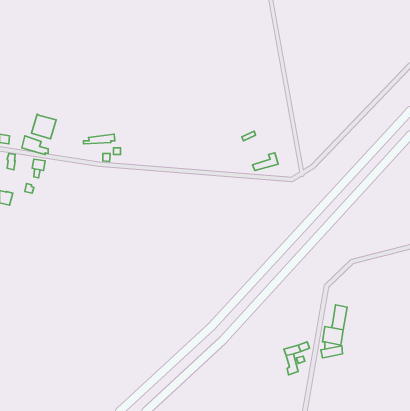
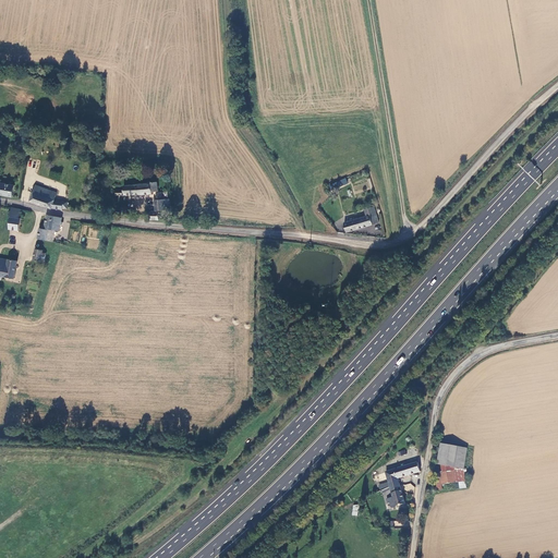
building: [31,114,56,139] -> none
building: [332,305,347,330] -> none

